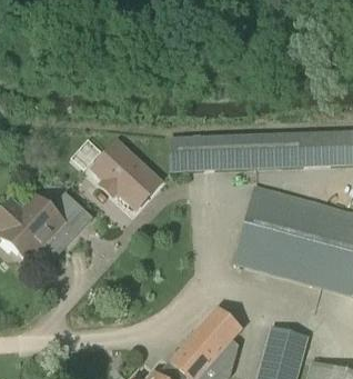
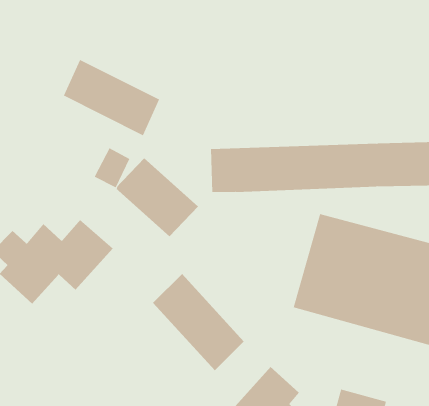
building: none -> [63,59,160,136]
building: none -> [152,273,245,371]

